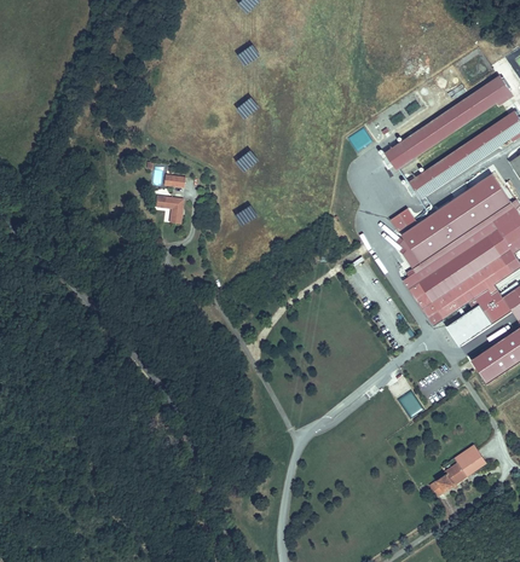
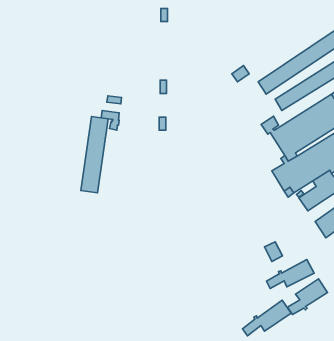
building: none -> [81,116,108,193]
building: none -> [266,259,314,289]
building: none -> [243,300,291,336]

